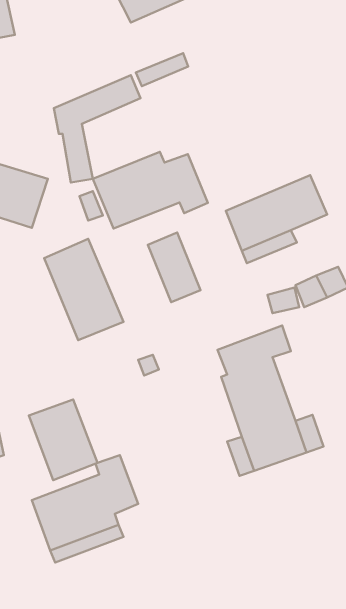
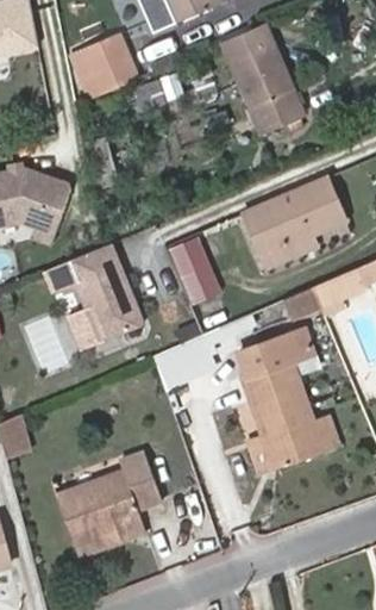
building: none -> [221,24,303,130]
building: none -> [71,37,138,99]
building: [93,152,208,229] -> none
building: [29,399,98,480] -> none

